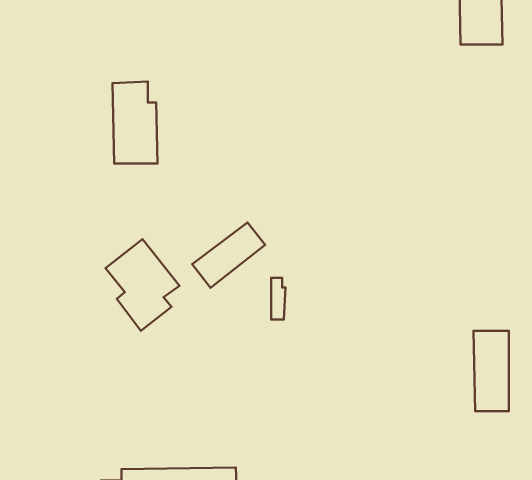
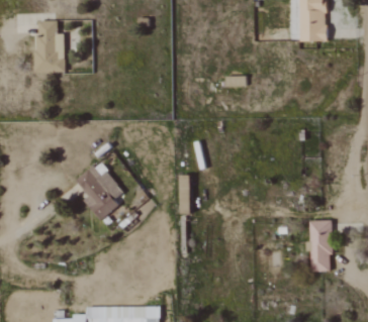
building: [113,82,158,164] -> [35,20,64,72]
building: [192,222,265,288] -> none

